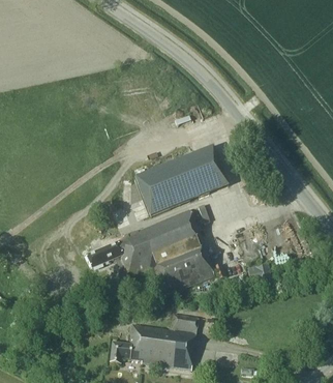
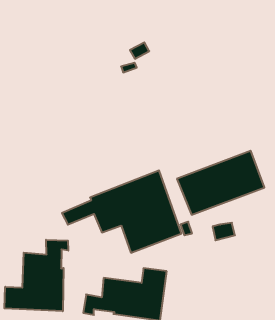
building: [133,145,226,213] -> [177,151,264,215]
building: none -> [4,240,68,311]

